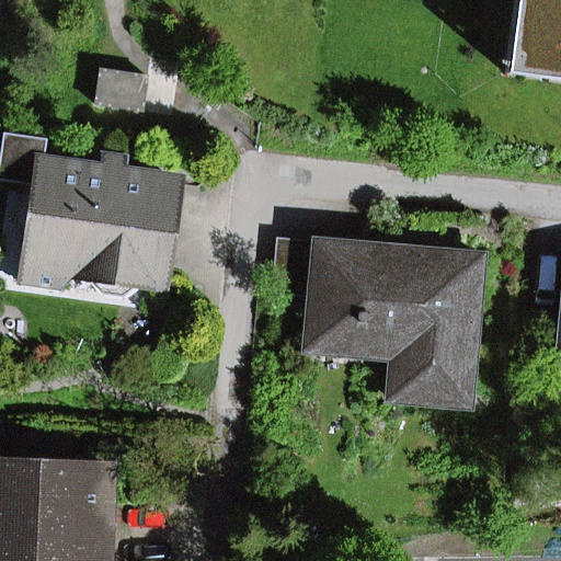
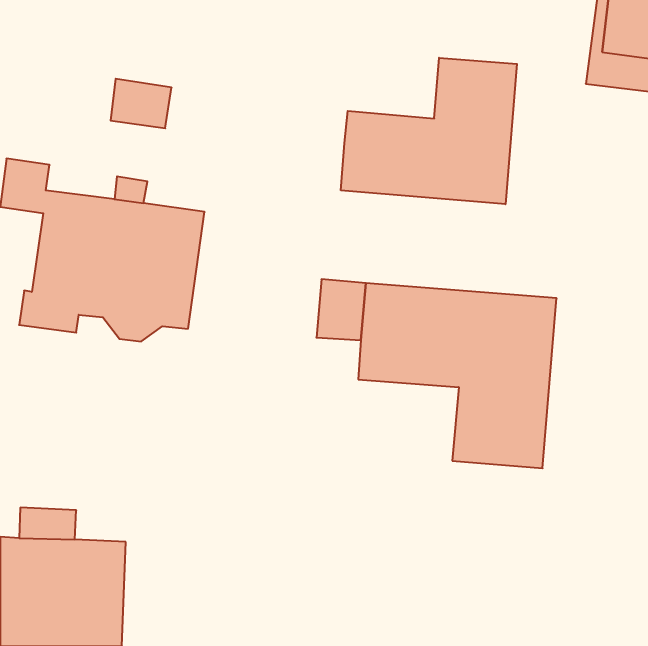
building: none -> [341,58,517,204]

